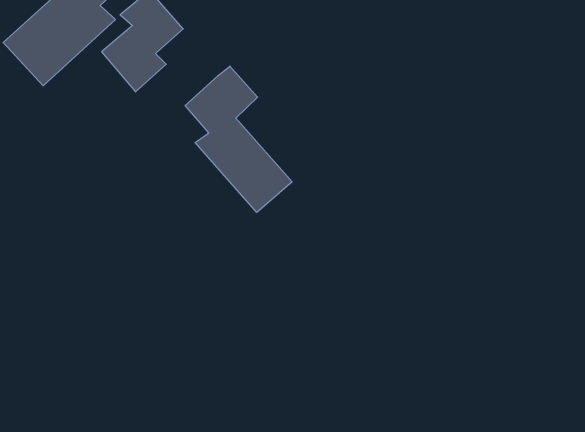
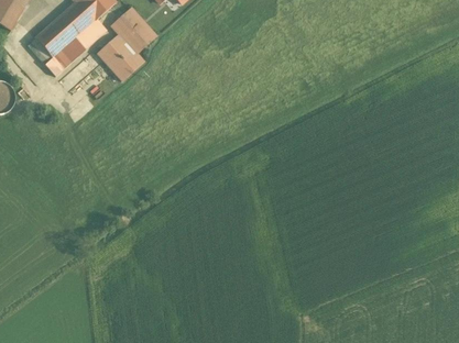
building: [185,66,292,212] -> none

